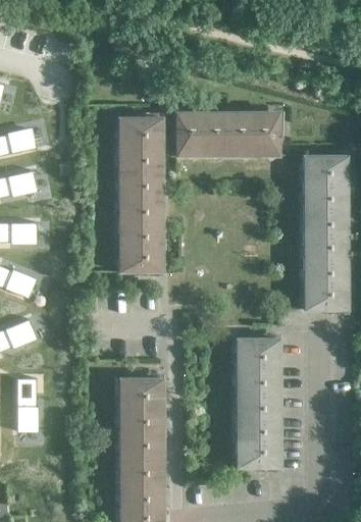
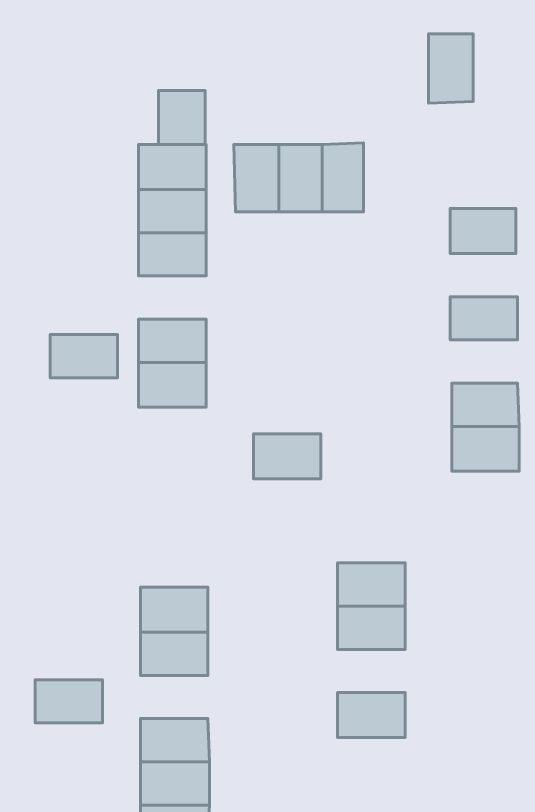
building: none -> [158,90,205,145]
building: [251,115,277,156] -> [428,34,473,103]
building: [302,180,342,206] -> none
building: [118,194,158,219] -> [50,335,118,378]
building: [302,231,342,257] -> none
building: [236,336,275,363] -> [253,434,321,479]
building: [236,414,275,439] -> none
building: [119,429,159,455] -> [35,680,103,723]

